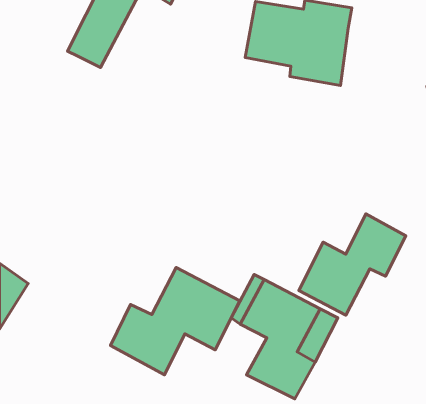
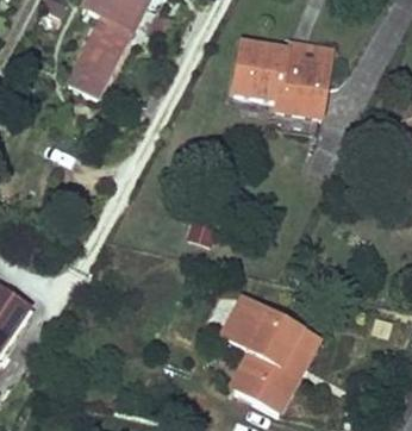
building: [299,214,406,315] -> none
building: [110,267,240,375] -> none

